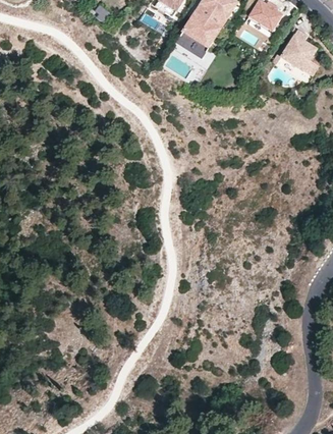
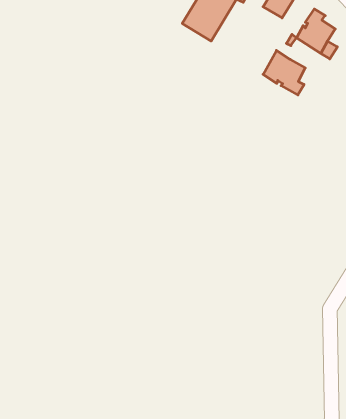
building: none -> [263,50,305,95]

